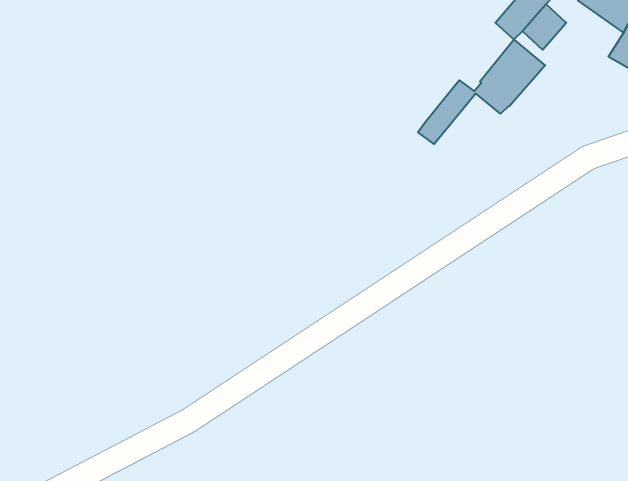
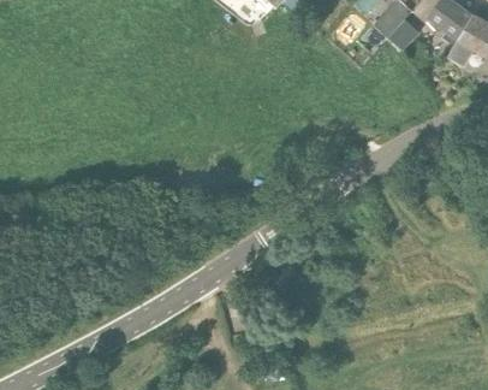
building: [418,40,545,144] -> none

